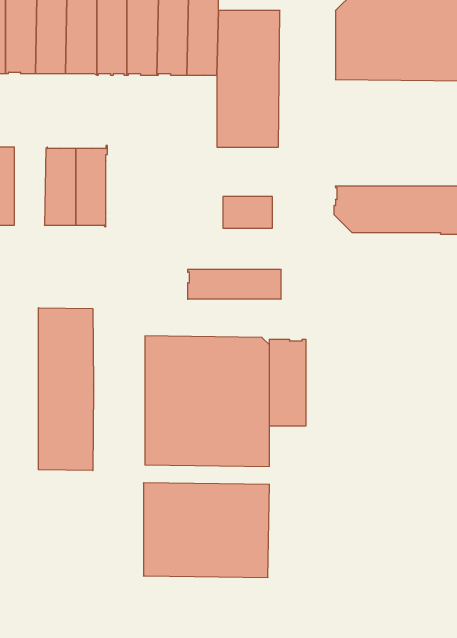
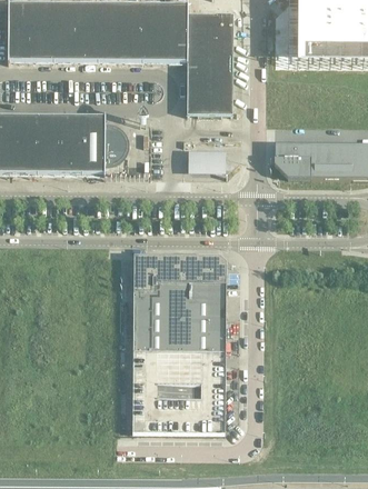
building: none -> [36,113,59,171]
building: none -> [103,123,126,162]
building: [188,269,281,299] -> none
building: [39,308,93,471] -> none
building: [269,339,306,426] -> none

